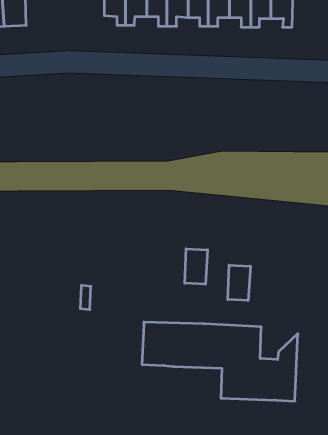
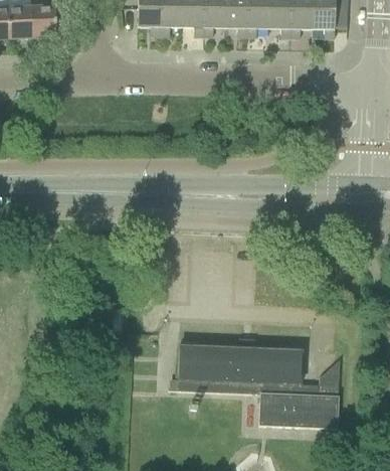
building: [185,249,208,284] -> none
building: [228,265,250,301] -> none

